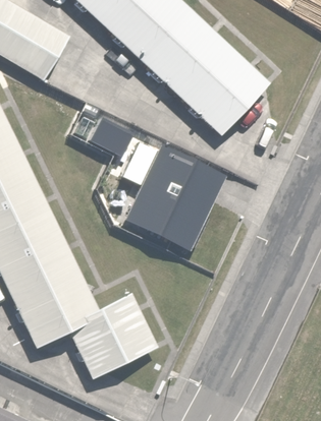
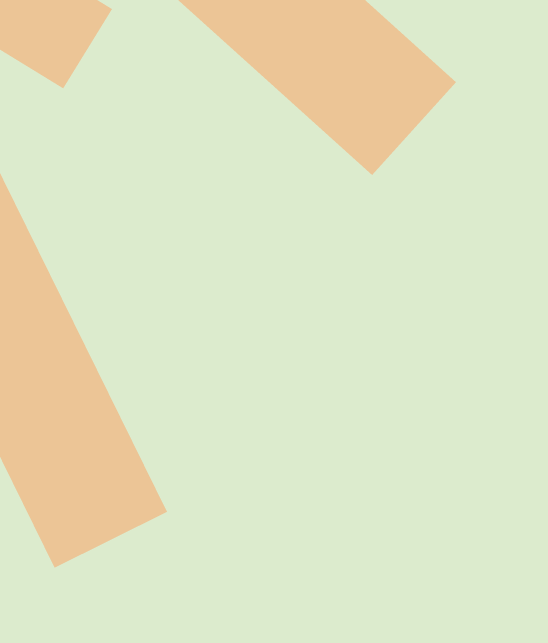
building: [127,139,225,246] -> none
building: [64,295,156,375] -> none

